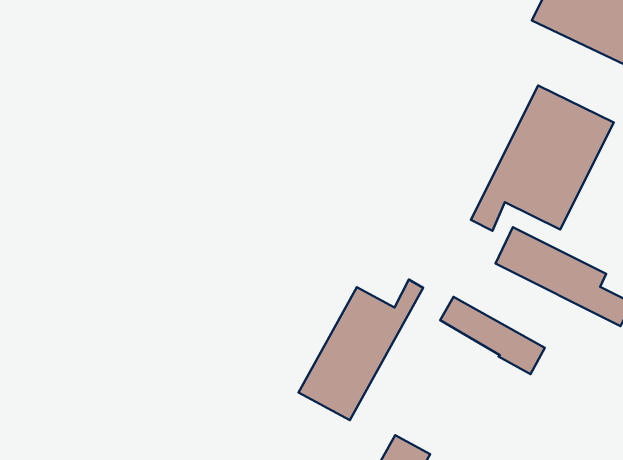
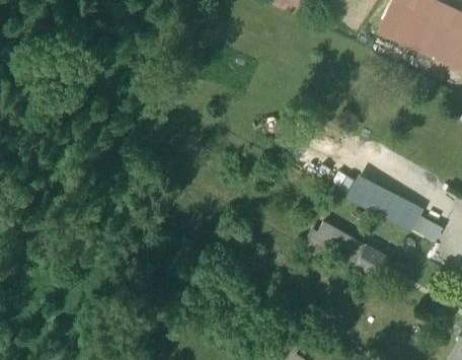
building: [471,85,614,231] -> none
building: [298,280,423,420] -> none

